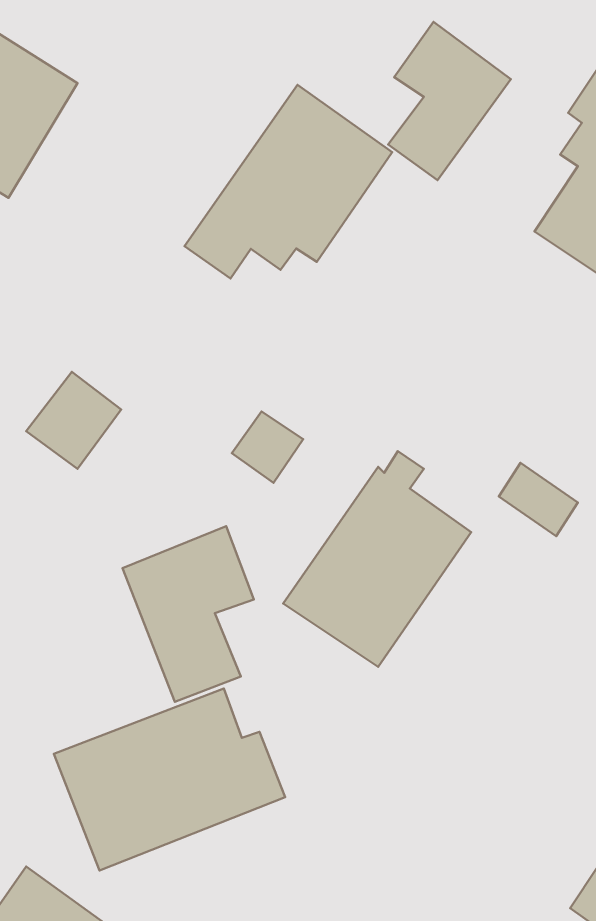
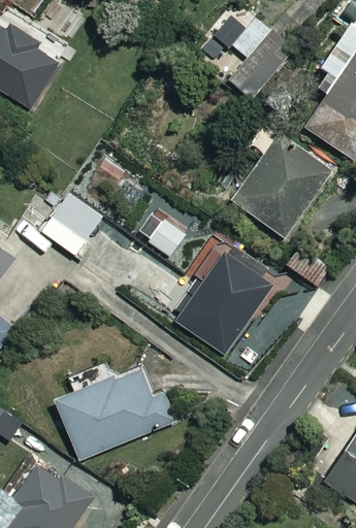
building: [184,85,392,279] -> none
building: none -> [232,129,331,237]
building: [123,526,254,702] -> none

